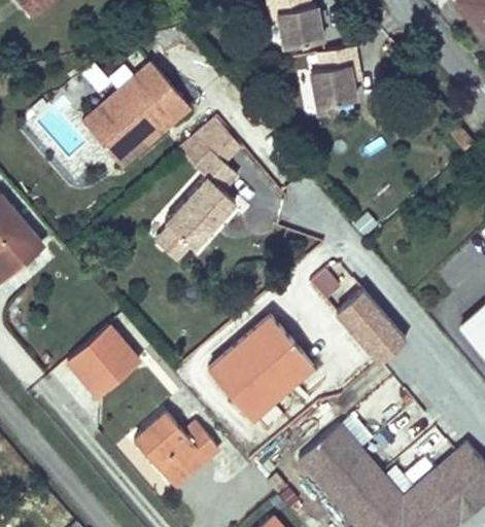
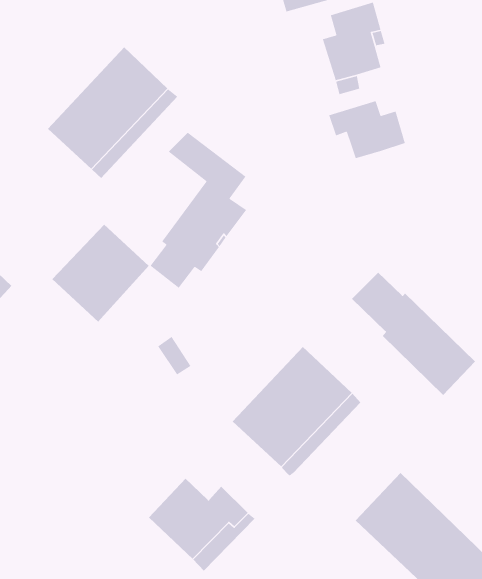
building: [195,117,239,163] -> none
building: none -> [328,100,406,159]
building: [64,323,143,401] -> [52,224,149,322]

